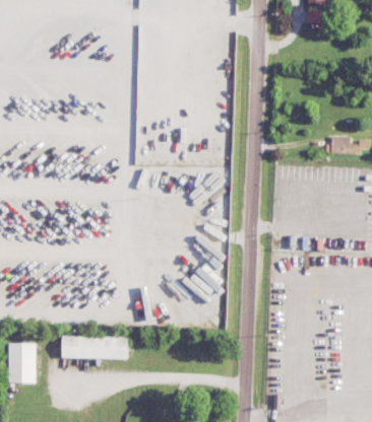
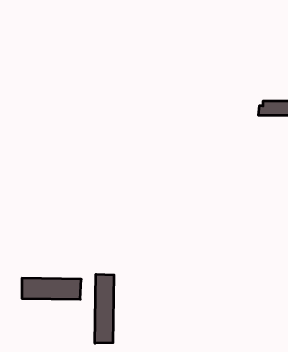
building: none -> [95,274,114,343]

